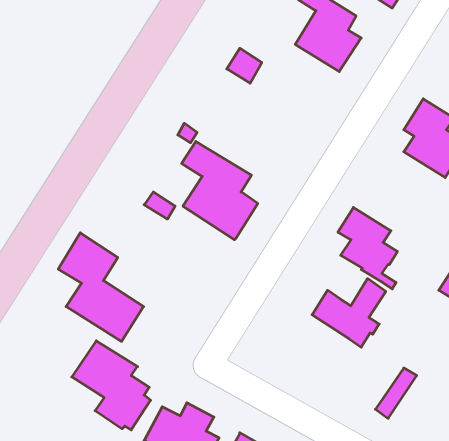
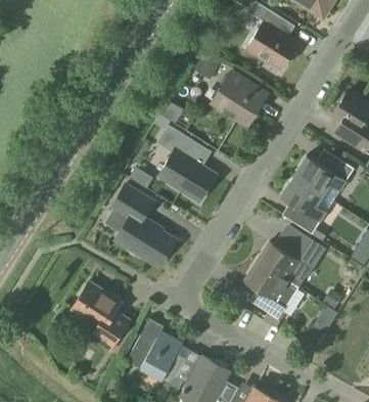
building: none -> [213,71,267,124]
building: none -> [292,149,354,195]
building: [58,233,144,341] -> [108,181,176,267]
building: none -> [246,262,298,318]

